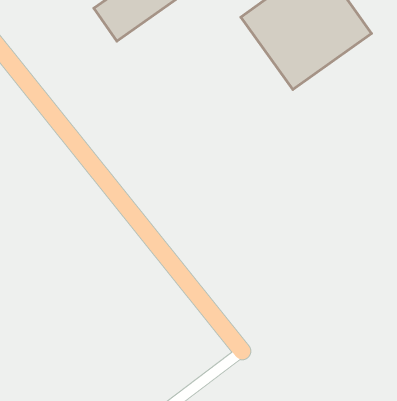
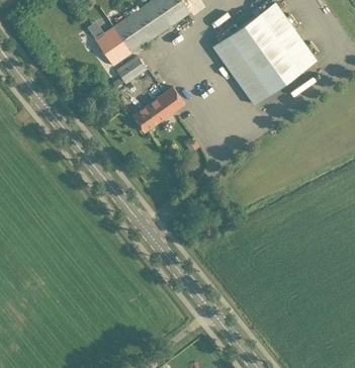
building: none -> [115,57,146,85]
building: none -> [131,88,183,133]

